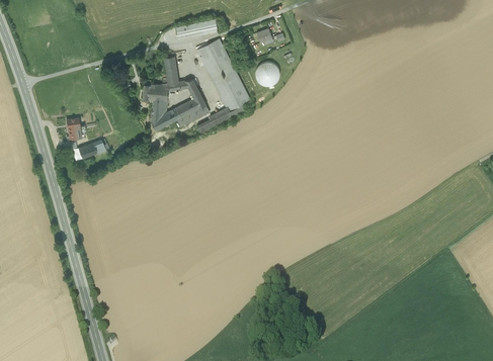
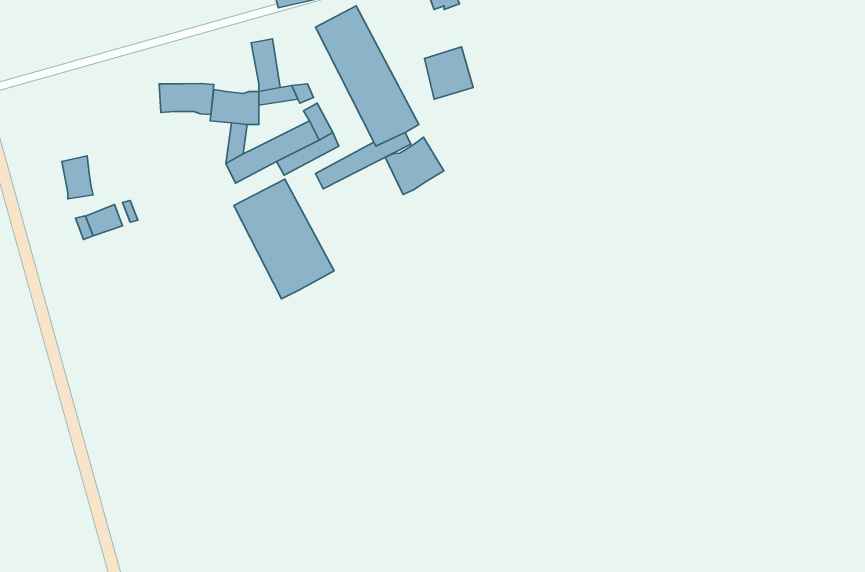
building: none -> [159,83,214,115]
building: none -> [385,137,444,195]
building: none -> [234,179,334,299]

